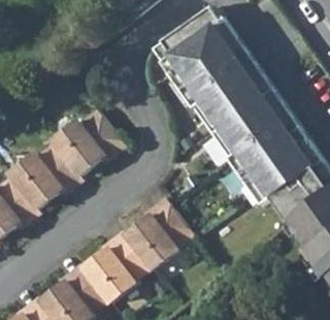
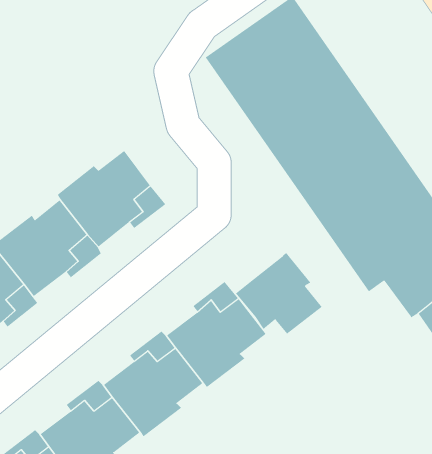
building: none -> [235,252,322,335]

